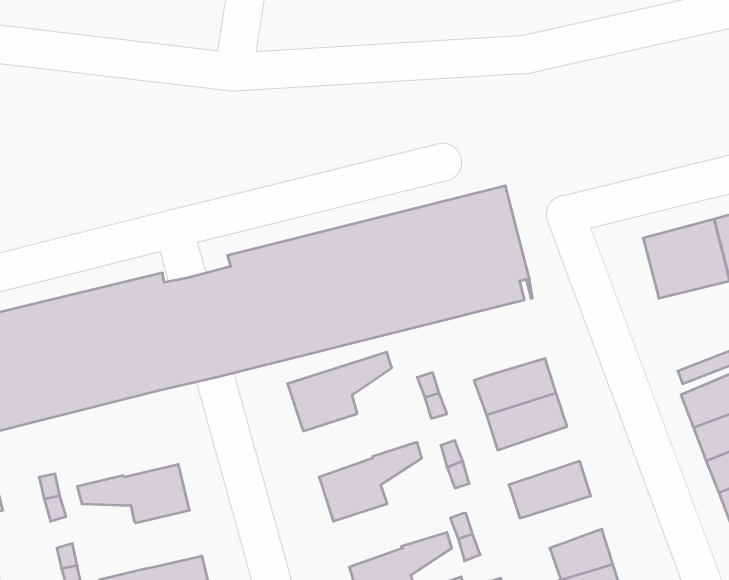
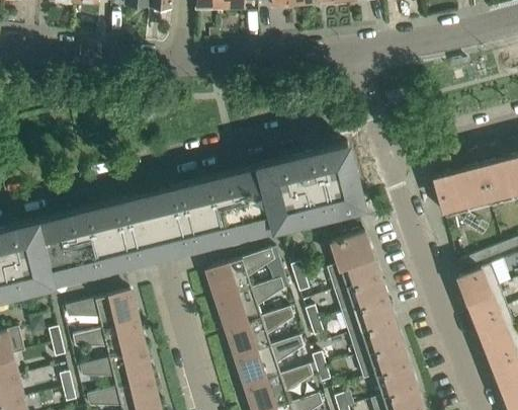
building: none -> [331,228,371,262]
building: none -> [217,277,283,328]
building: none -> [65,289,137,328]
building: none -> [341,296,394,333]
building: none -> [236,334,303,386]
building: none -> [355,340,408,378]
building: none -> [79,349,152,387]

